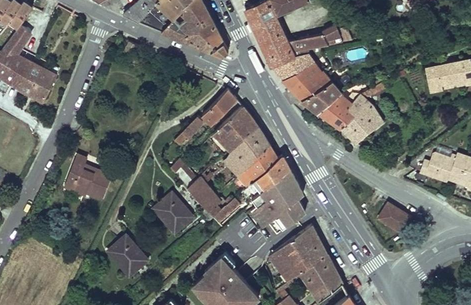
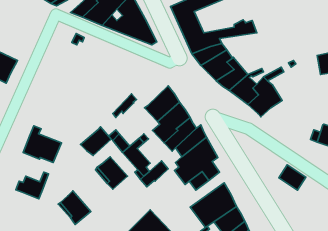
building: [201,88,236,125] -> none
building: none -> [80,127,111,156]
building: none -> [16,172,48,199]

